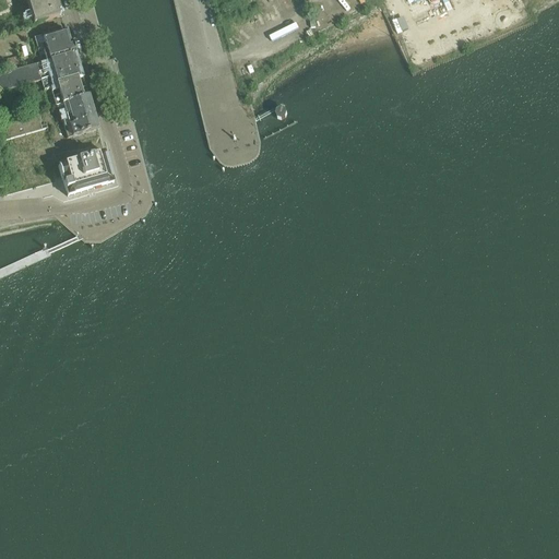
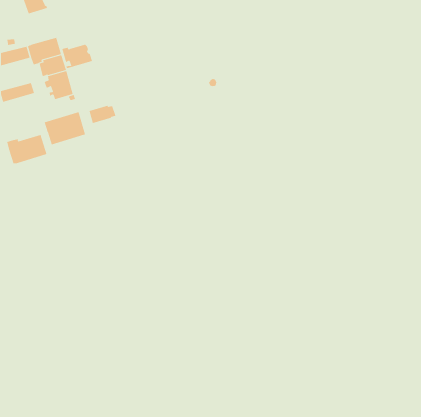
building: [35,26,76,59] -> [61,44,93,69]
building: none -> [89,105,116,124]
building: none -> [7,134,47,164]

